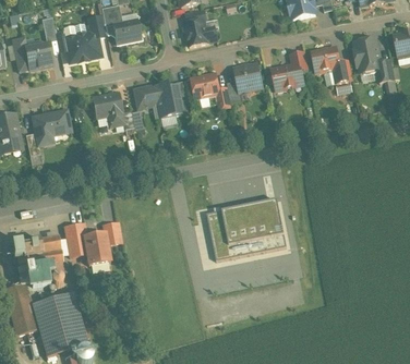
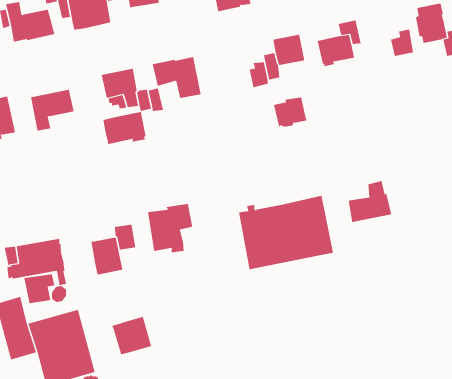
building: [312,47,340,73] -> none
building: [191,73,219,98] -> [273,97,307,127]
building: none -> [103,111,146,145]
building: none -> [348,180,392,223]
building: none -> [148,203,193,253]
building: [64,223,86,256] -> none
building: none -> [111,316,152,355]

